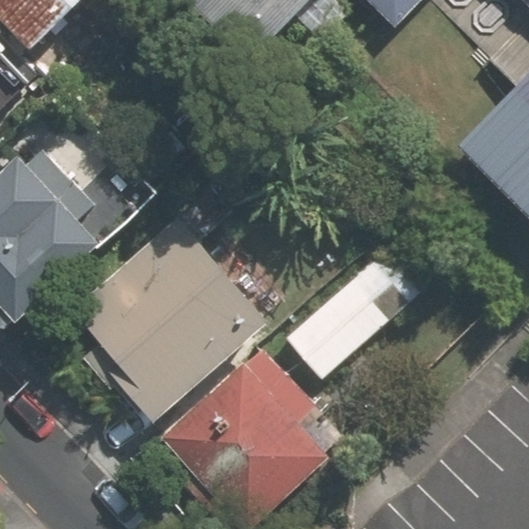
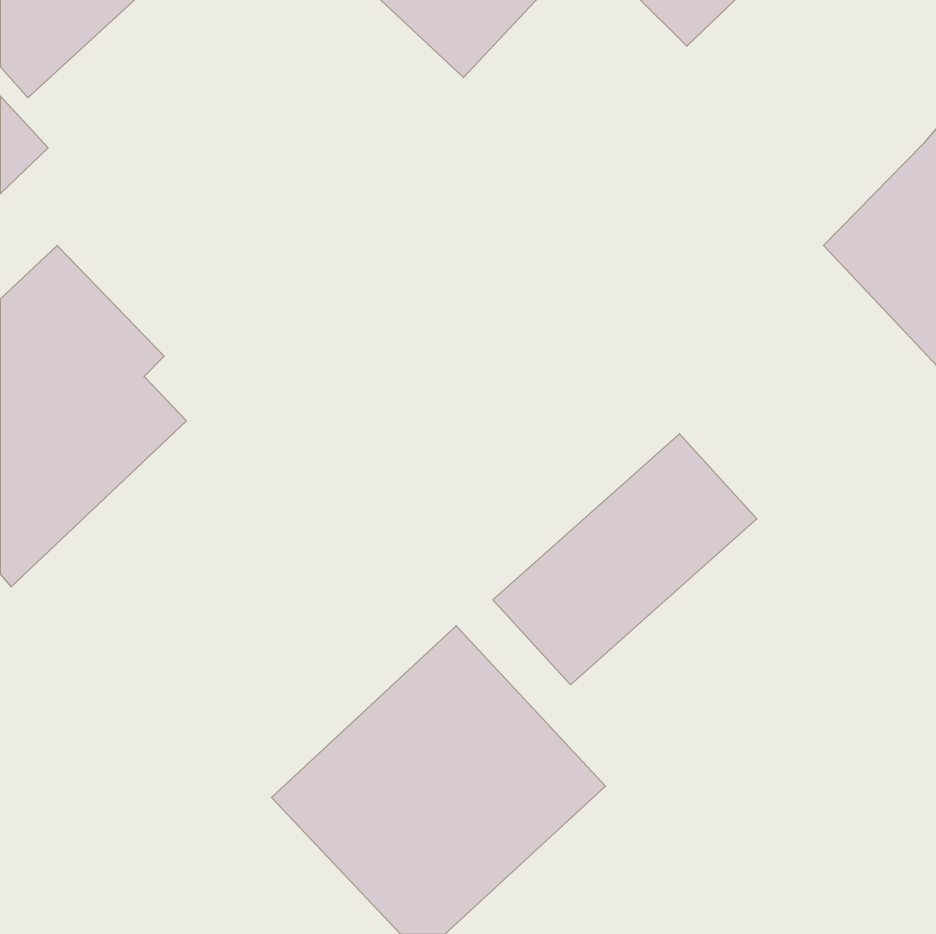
building: [61,218,264,429] -> none

